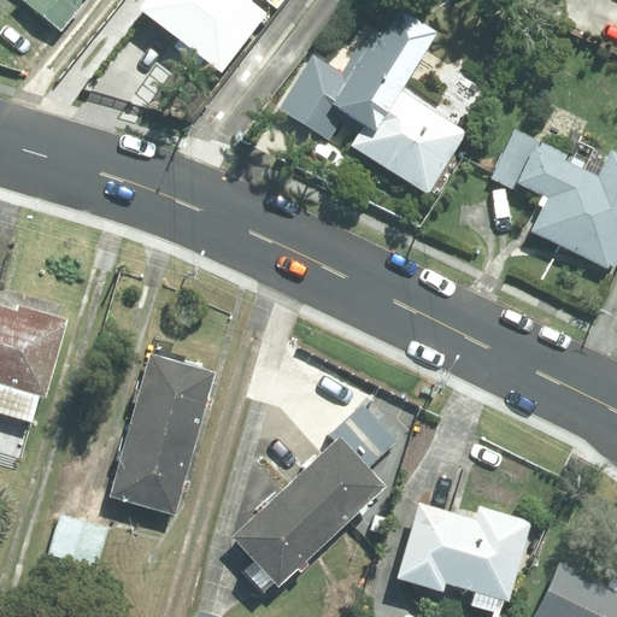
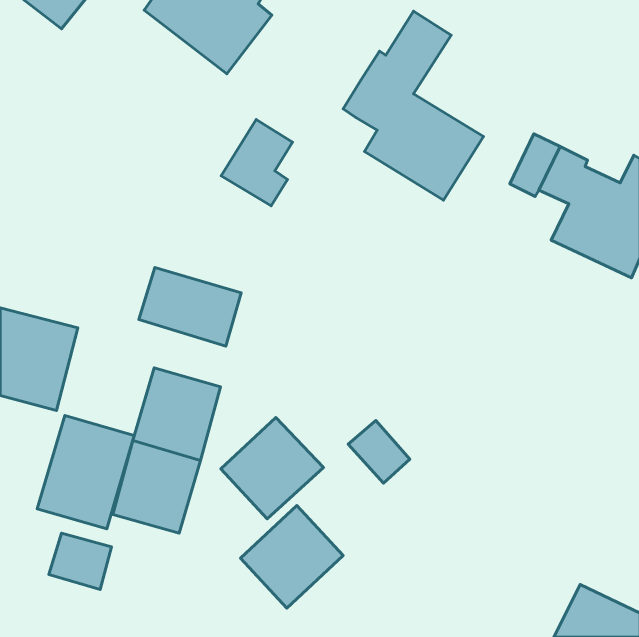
building: [280,55,348,139] -> [221,120,293,206]
building: none -> [139,268,241,346]
building: none -> [37,416,134,529]
building: [287,437,386,535] -> [221,418,324,519]
building: [398,503,531,600] -> none

